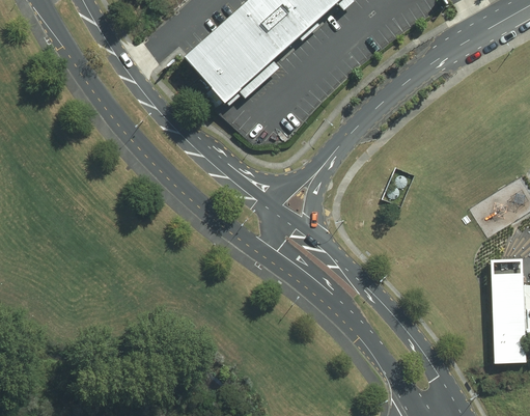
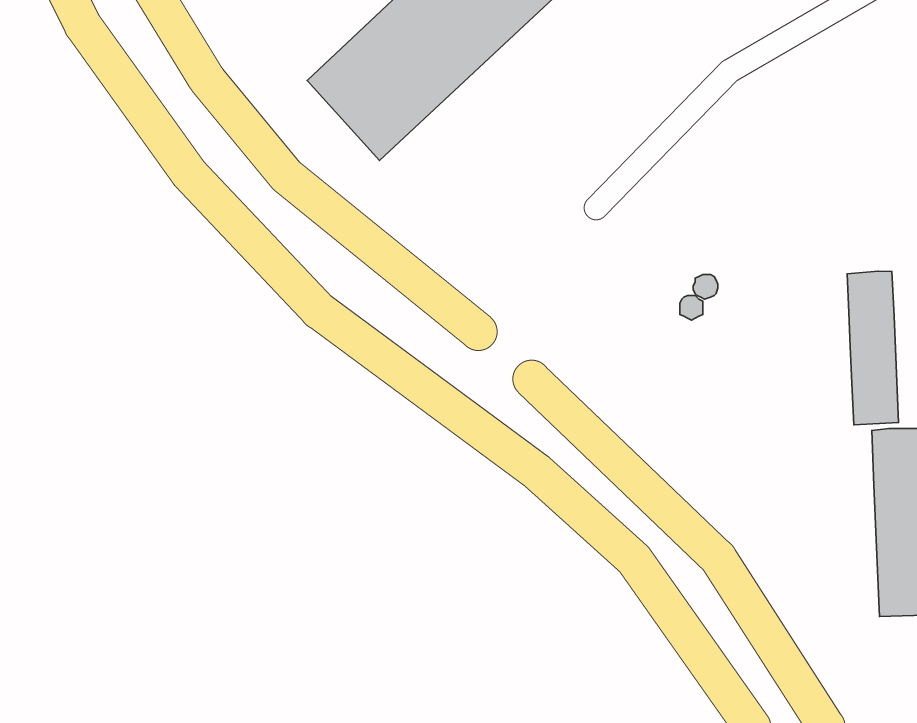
building: none -> [847,271,899,425]

